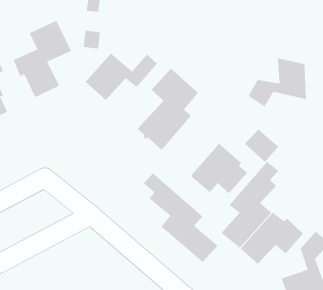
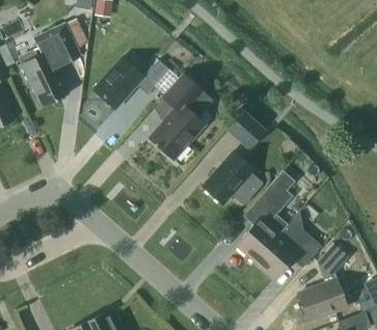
building: [248,58,307,108] -> none
building: [244,129,279,163] -> [228,111,265,146]
building: [143,172,219,263] -> none

